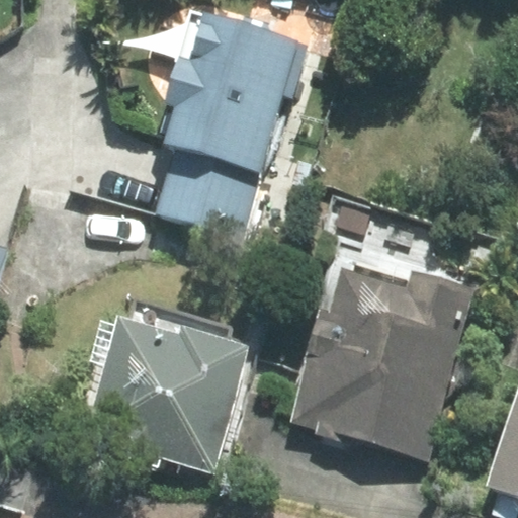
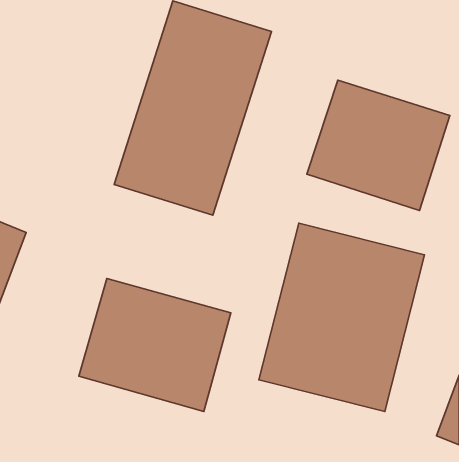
building: none -> [307,80,450,211]

